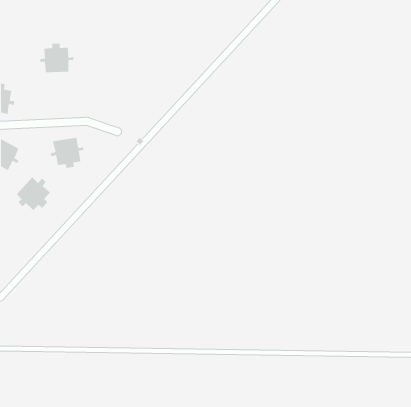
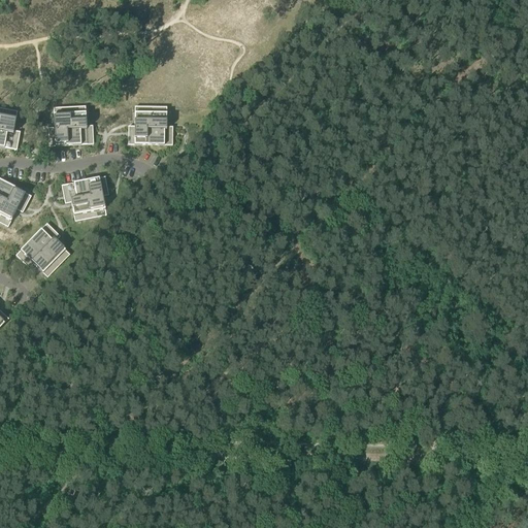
building: [39,43,74,73] -> [48,106,93,144]
building: none -> [128,105,172,143]

